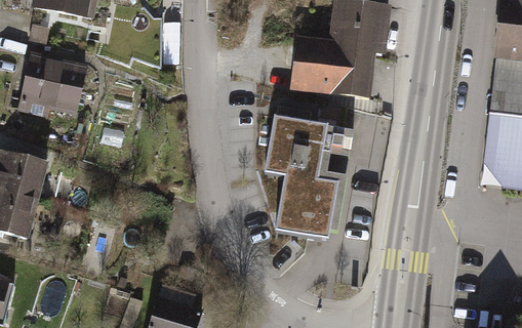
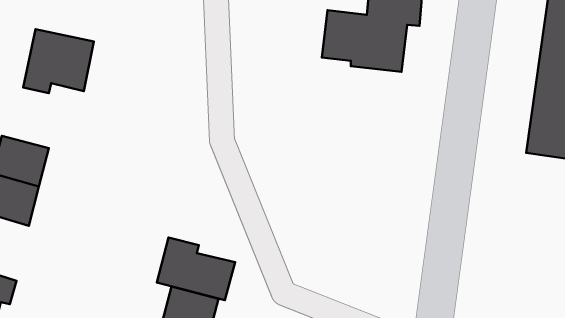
building: [266,119,340,244] -> none
building: none -> [157,238,235,300]

